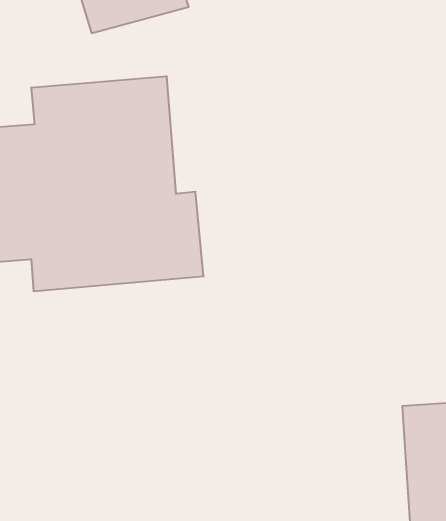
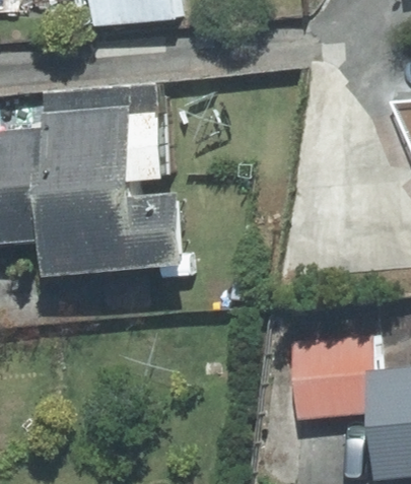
building: none -> [280,331,374,424]

